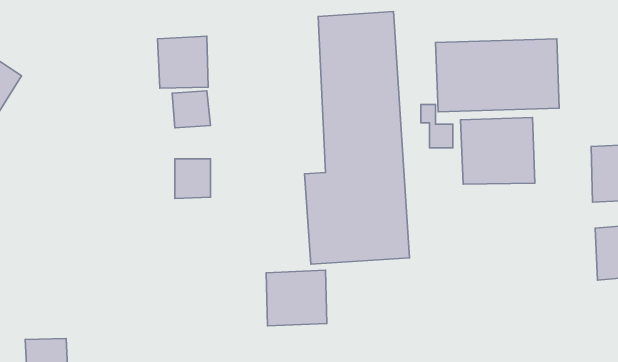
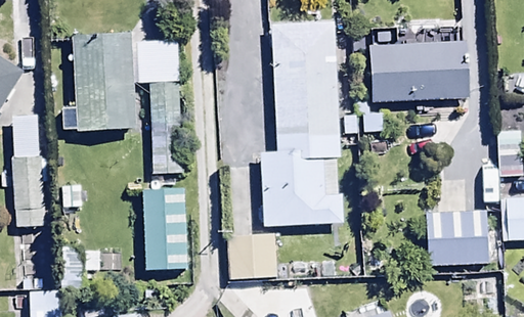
building: none -> [62,33,133,131]
building: [461,117,535,184] -> [426,209,487,264]
building: none -> [12,114,48,239]
building: none -> [141,183,189,270]

